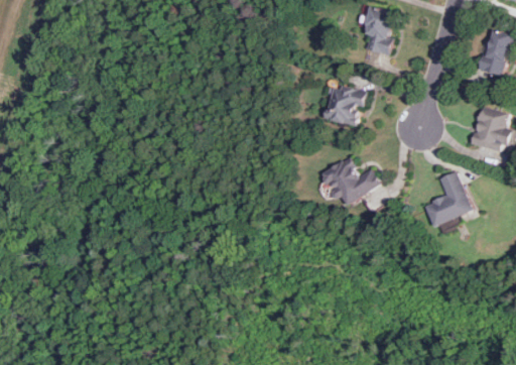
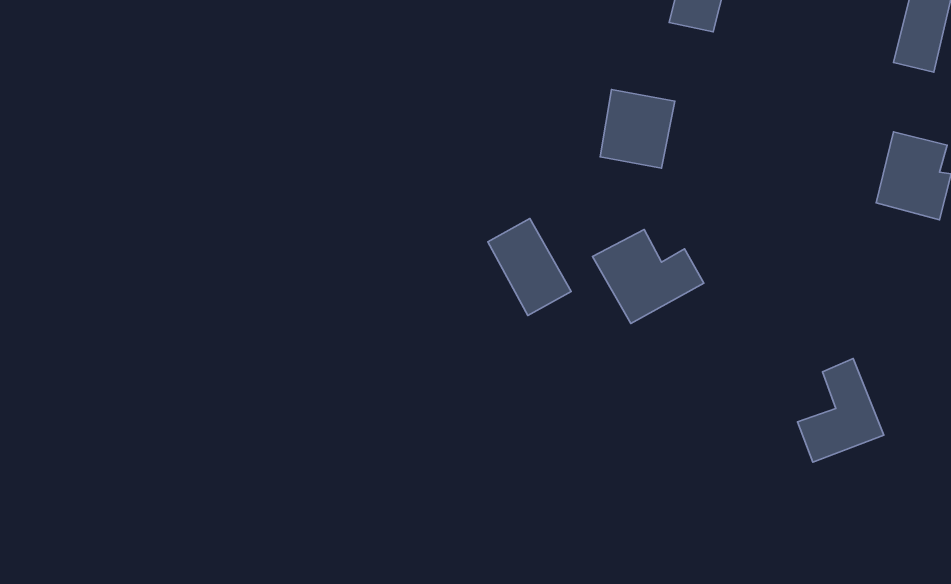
building: none -> [488,218,571,315]
building: [425,170,471,225] -> [798,359,884,462]

